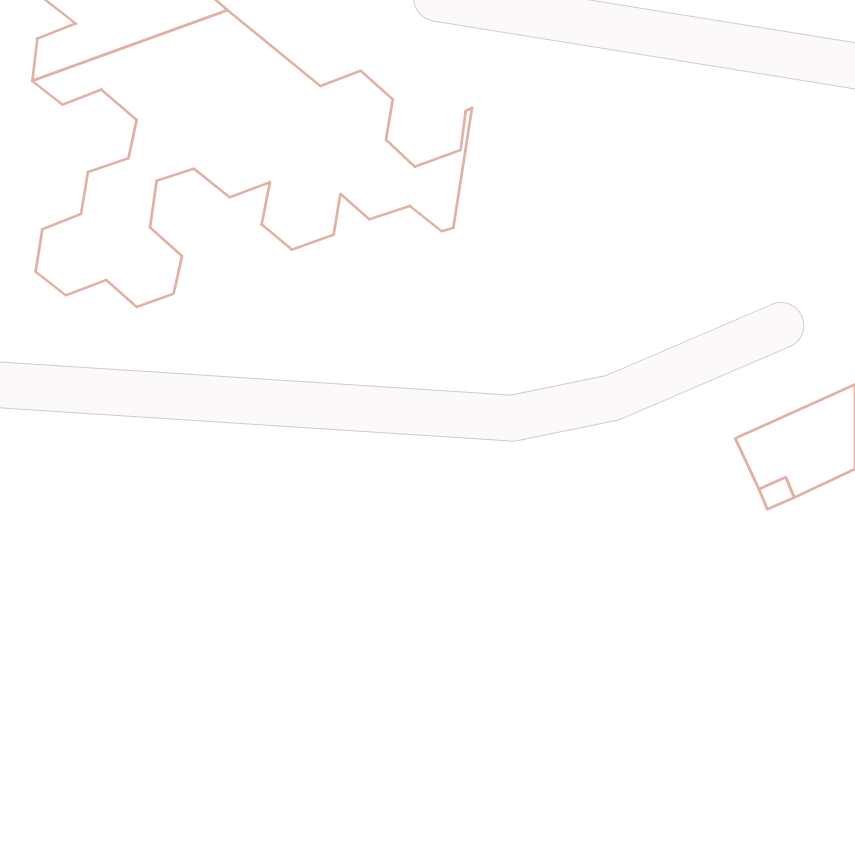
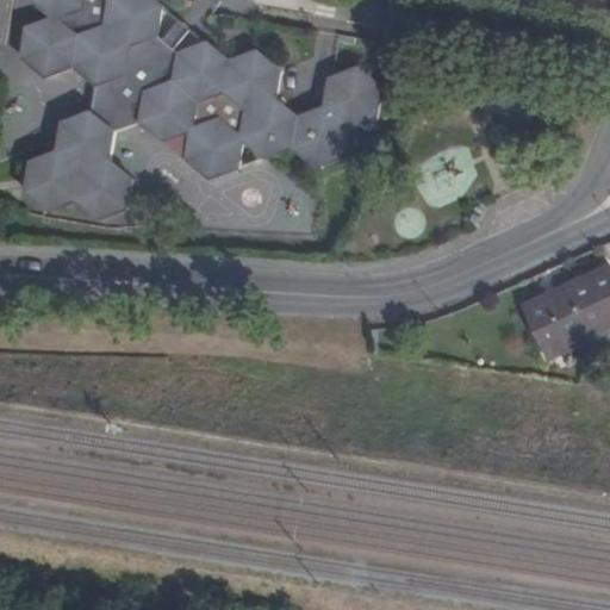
building: none -> [320,68,378,161]

